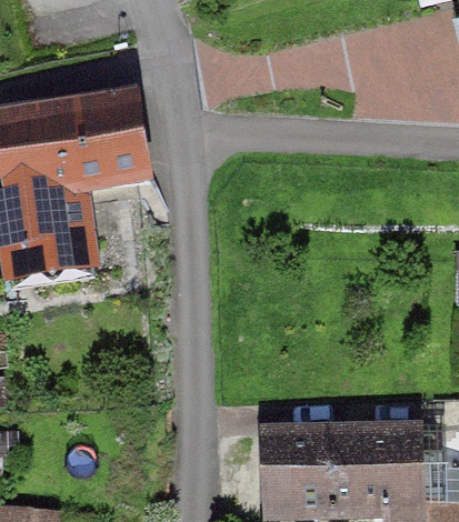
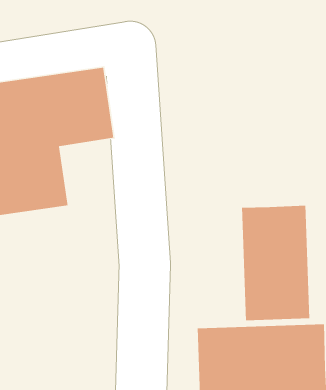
building: none -> [241,205,310,321]

